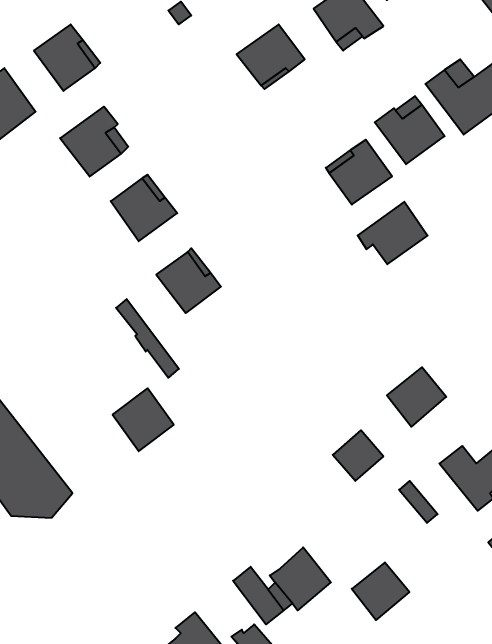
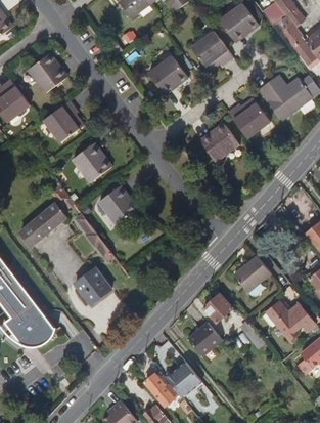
building: [358,202,428,264] -> none
building: none -> [19,187,70,247]
building: [352,562,409,620] -> [187,320,221,353]

